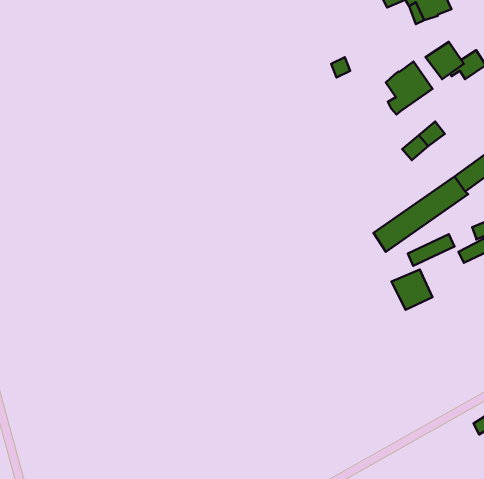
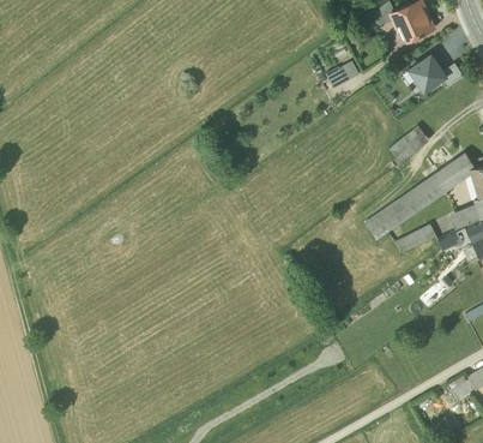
building: [386,61,432,114] -> none
building: [391,270,433,310] -> none

